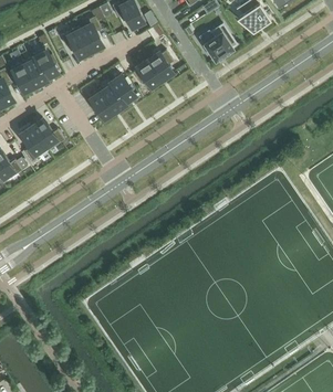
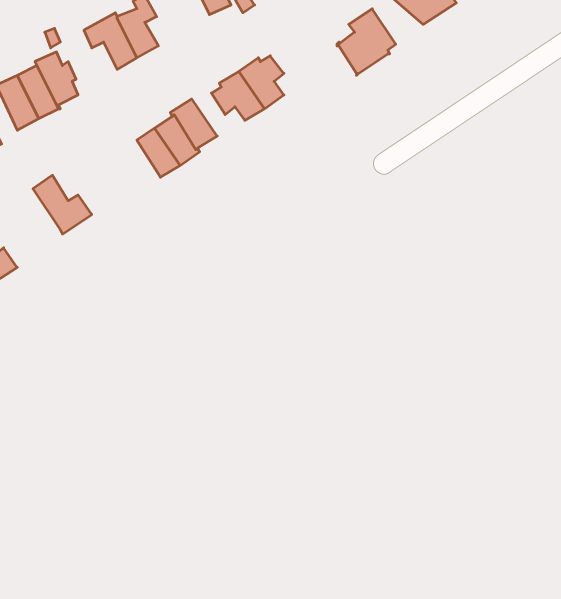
building: [19,126,45,162] -> none

